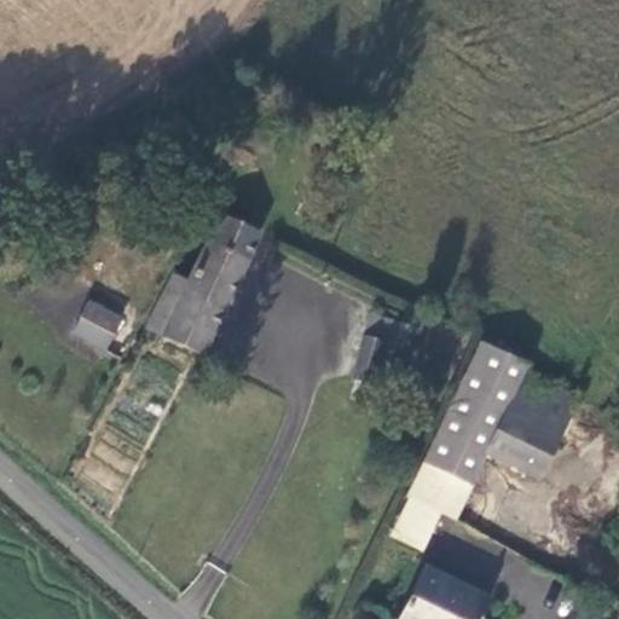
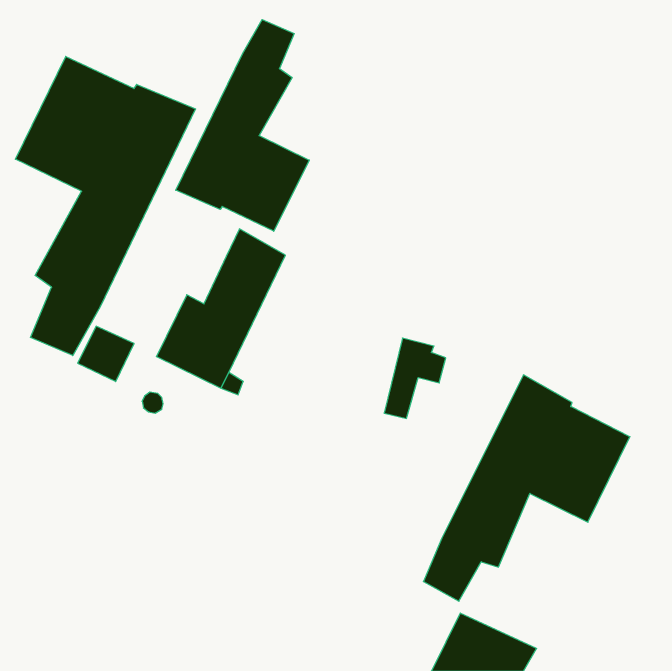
building: none -> [176,20,309,231]
building: none -> [15,56,196,356]

